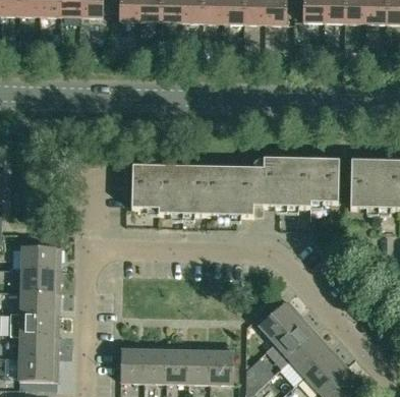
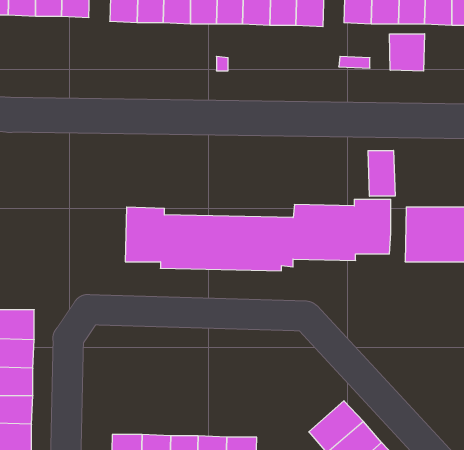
building: none -> [390,34,425,71]
building: none -> [368,150,395,196]
building: [259,300,302,342] -> none

